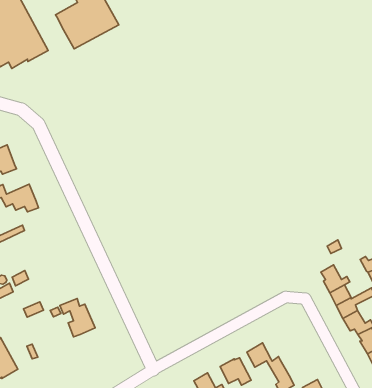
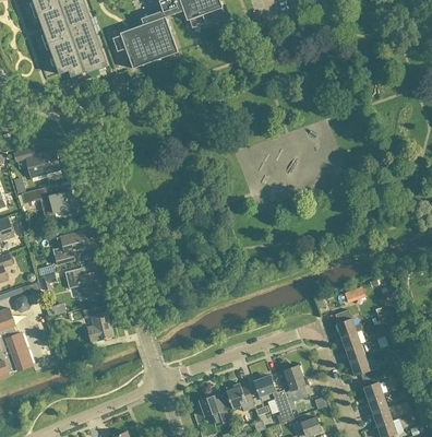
building: none -> [52,229,89,263]
building: none -> [64,267,101,298]
building: none -> [283,364,305,409]

